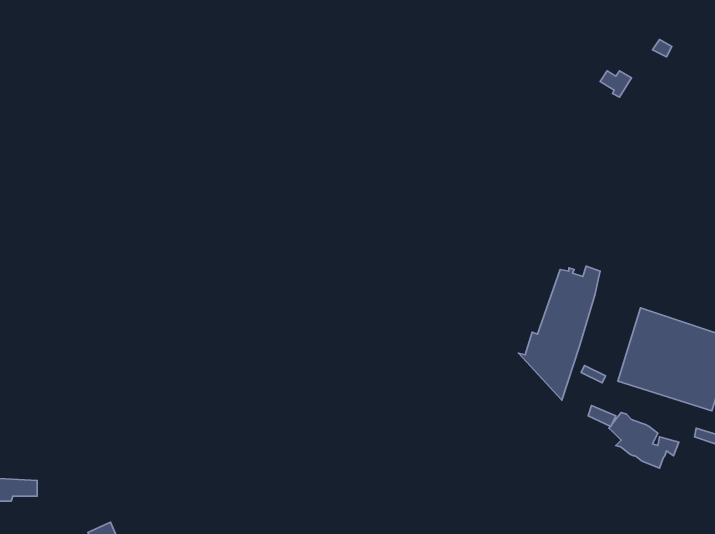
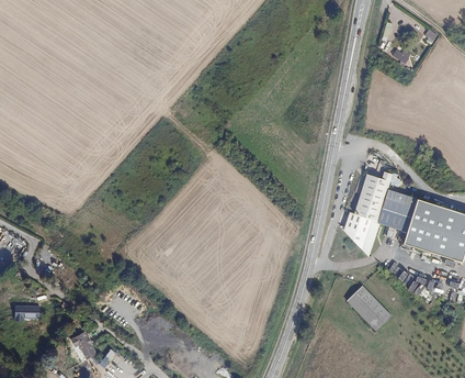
building: none -> [378,189,415,233]
building: none -> [347,286,390,330]

